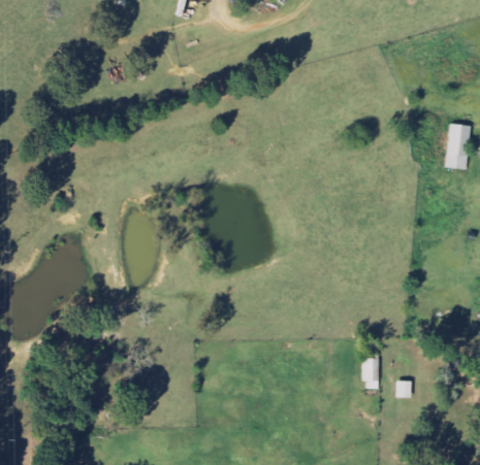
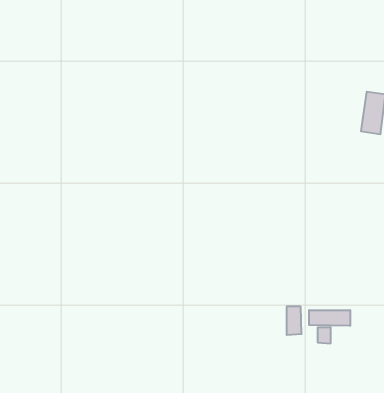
building: none -> [309,310,350,326]

